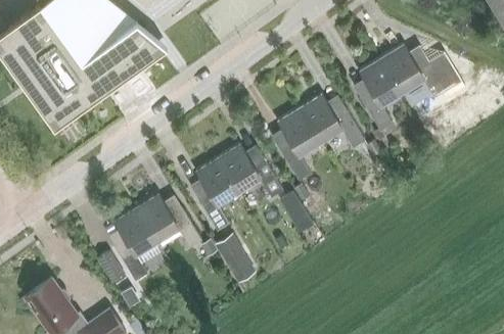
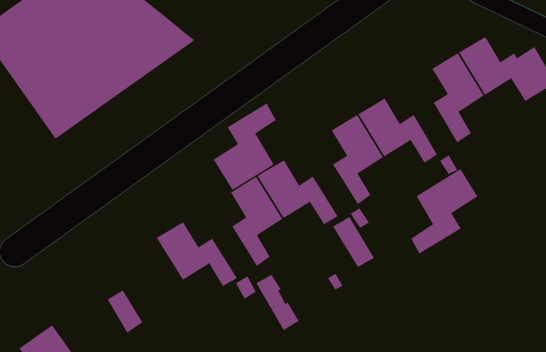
building: none -> [213,103,276,191]
building: none -> [411,168,478,255]
building: [114,208,157,281] -> none

